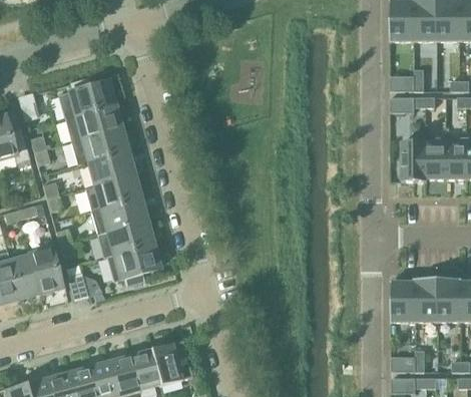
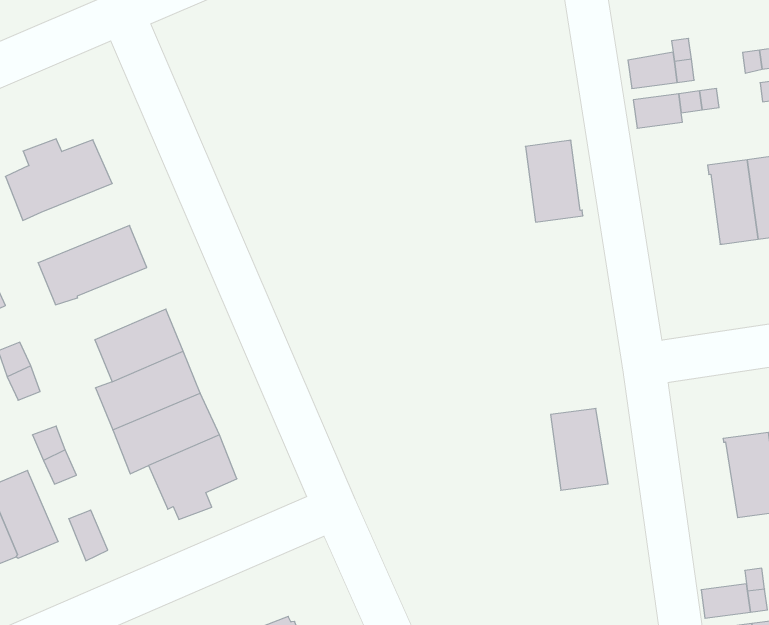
building: [65,104,121,140] -> none
building: [403,141,428,181] -> [525,140,583,222]
building: [89,150,134,184] -> none
building: [392,282,417,322] -> [551,408,608,490]

